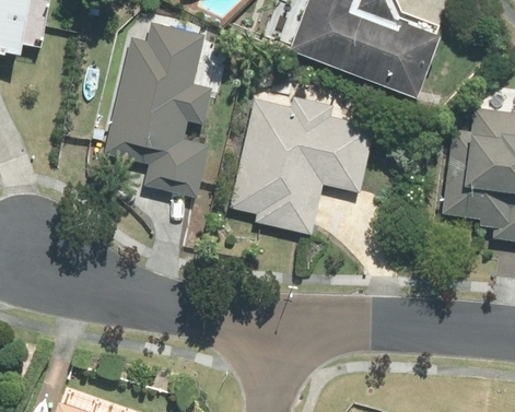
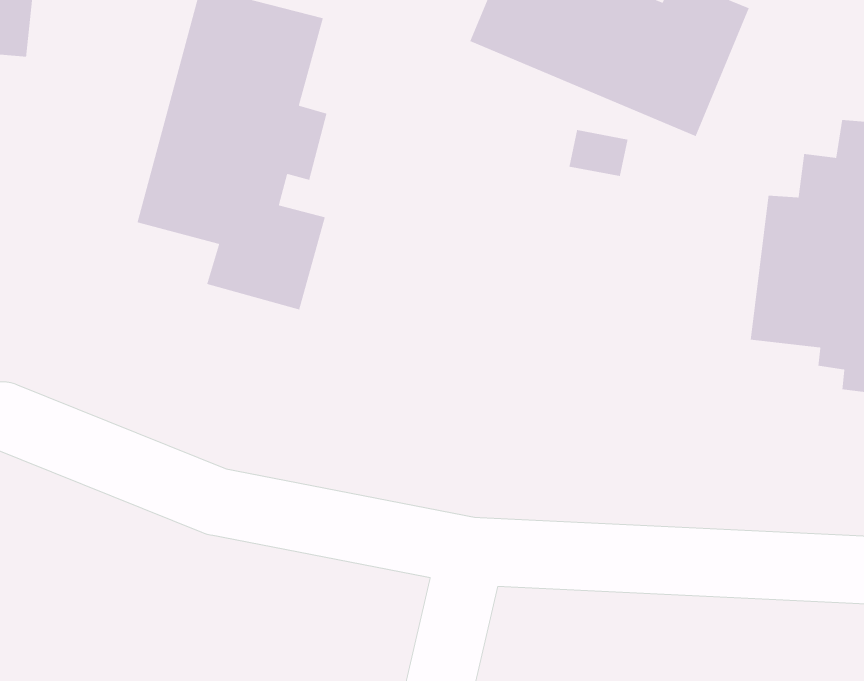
building: [232,95,372,237] -> none

